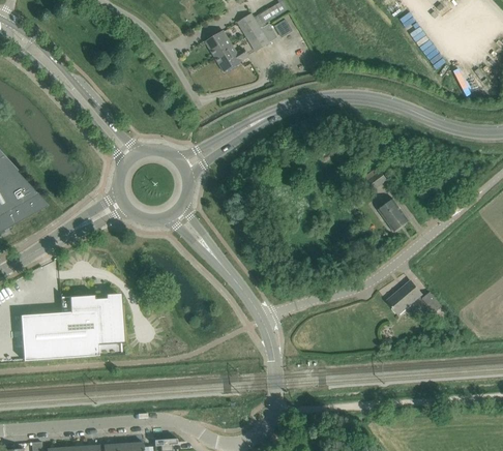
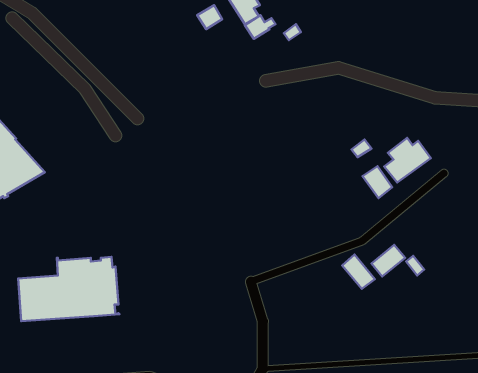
building: [215,46,247,70] -> [245,15,276,39]
building: none -> [384,138,431,183]
building: none -> [342,254,375,289]

